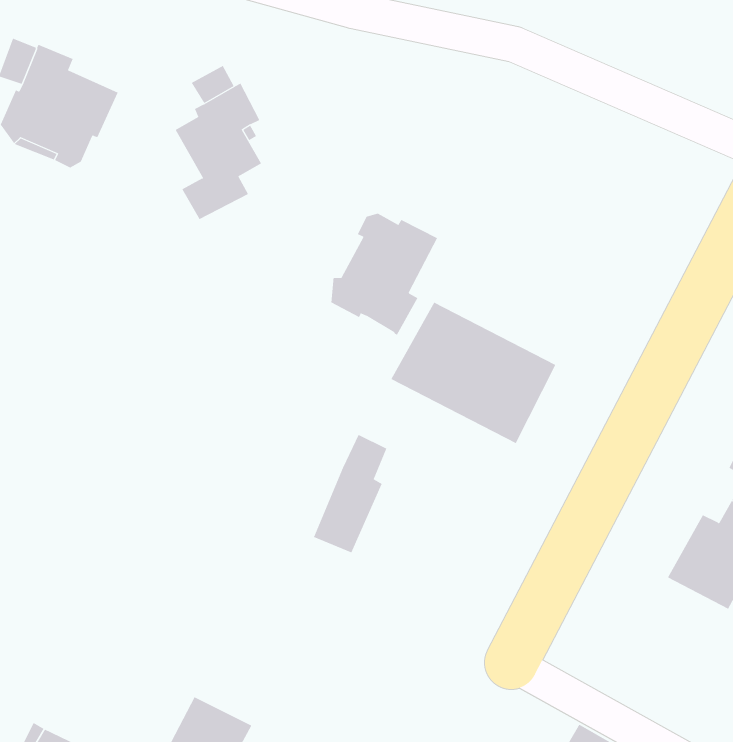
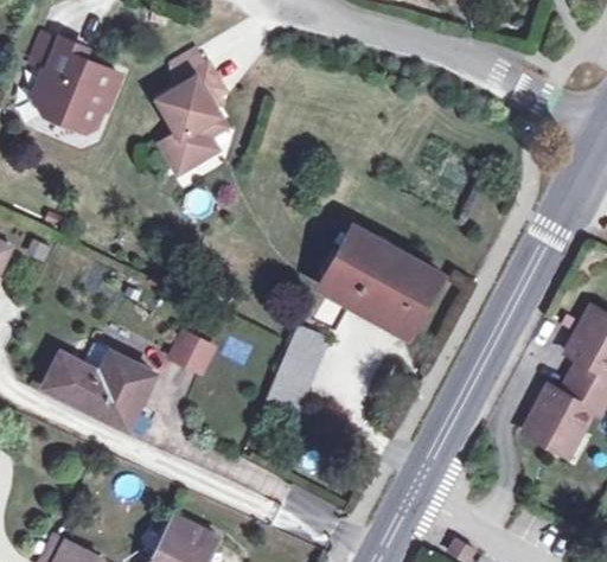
building: [331,213,438,335] -> none
building: none -> [170,328,221,376]
building: none -> [43,352,154,428]

